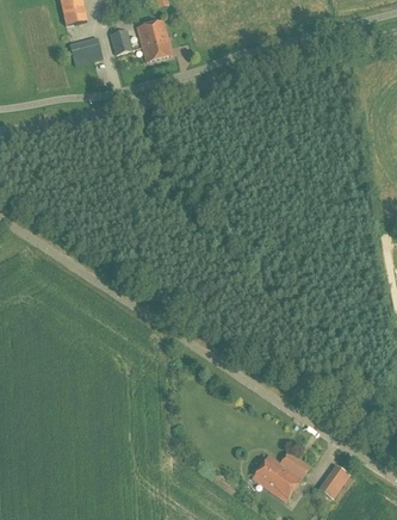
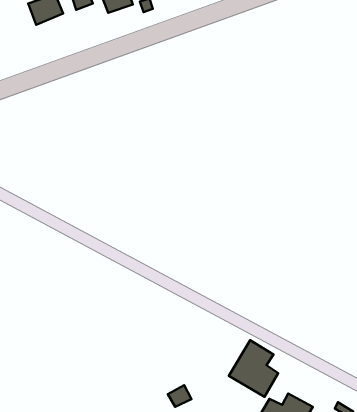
building: none -> [229,340,278,397]

